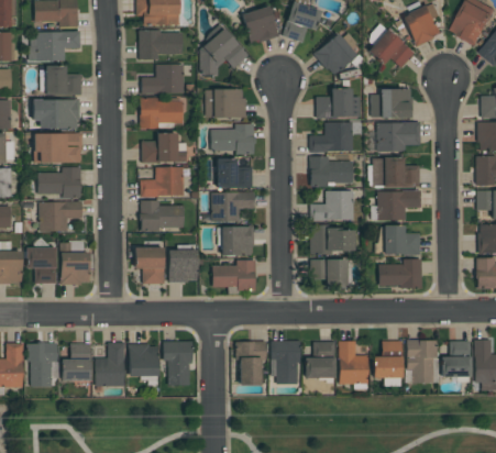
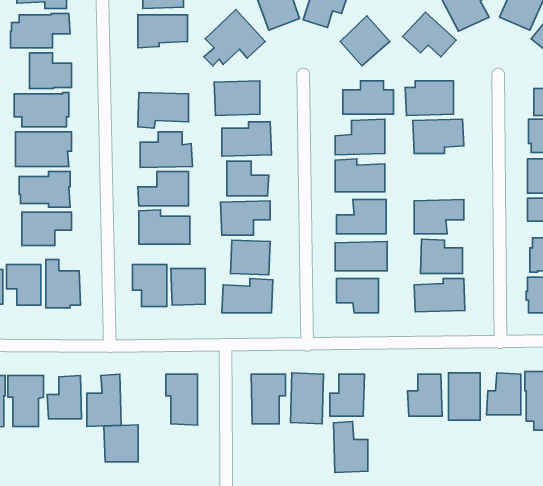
building: [142,64,184,95] -> none
building: [373,157,420,187] -> none
building: [339,341,368,385] -> [334,422,368,473]
building: [129,344,158,376] -> [104,425,138,462]

